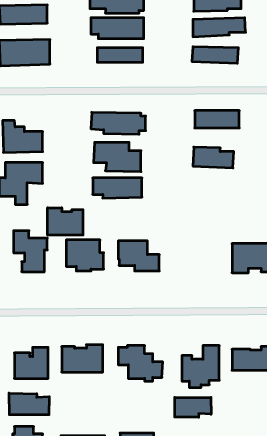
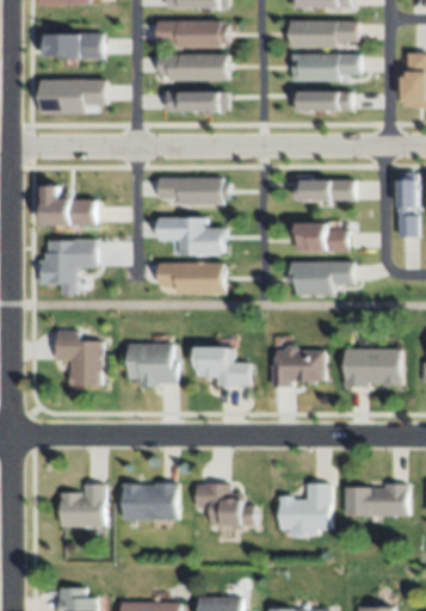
building: none -> [290,261,352,295]
building: [48,208,83,235] -> none
building: none -> [271,344,323,388]
building: [9,393,49,415] -> none
building: [175,397,211,417] -> none

